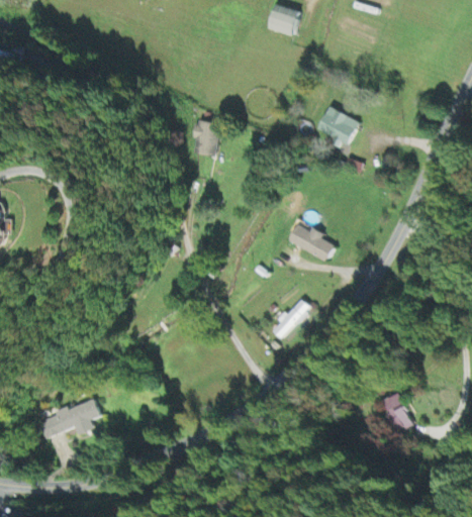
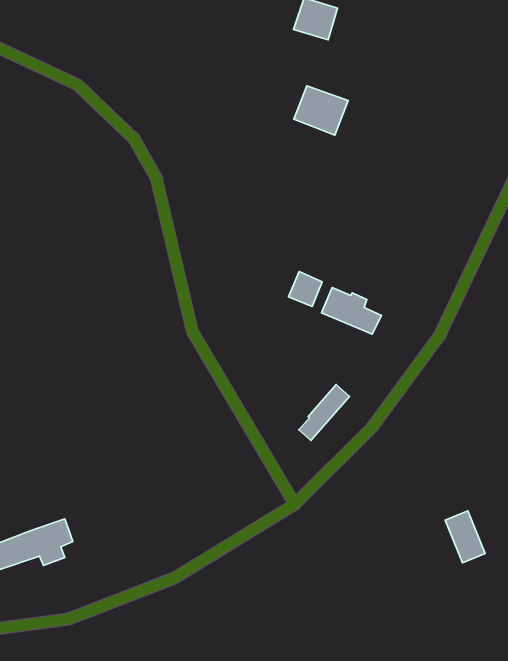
building: [316,108,358,145] -> [294,86,348,135]
building: [189,120,218,157] -> none
building: none -> [288,272,322,306]

